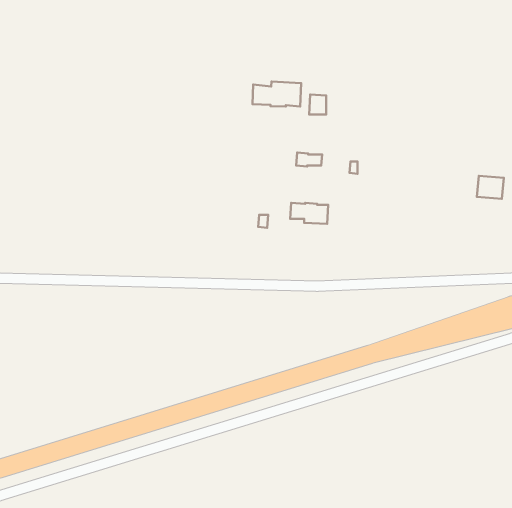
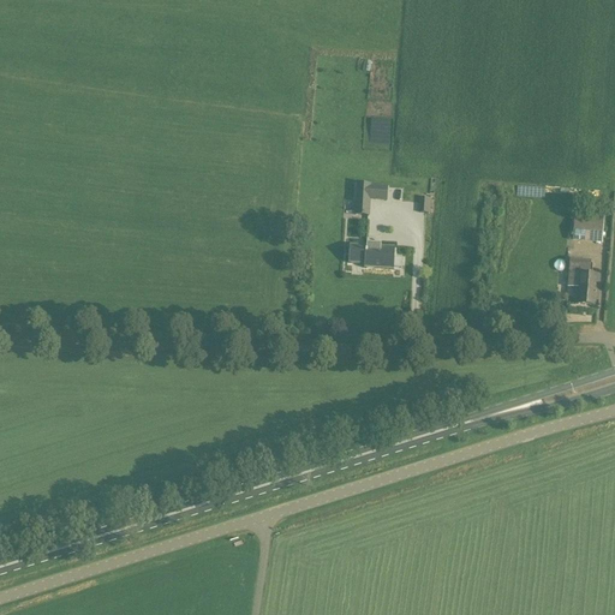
building: [252,82,301,107] -> none
building: none -> [567,253,598,301]

